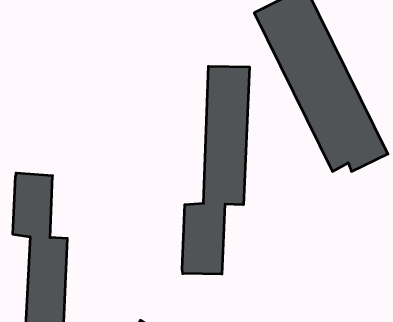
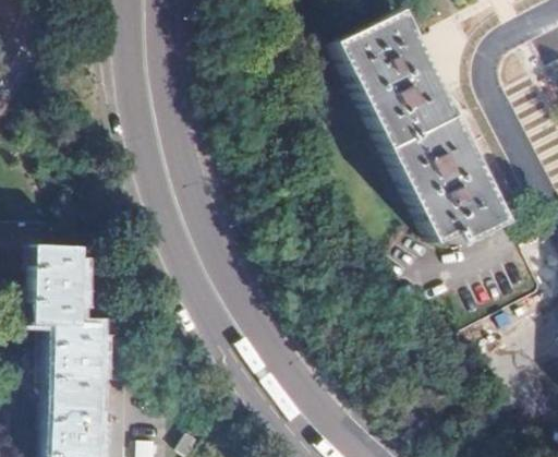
building: [182,66,249,274] -> none

